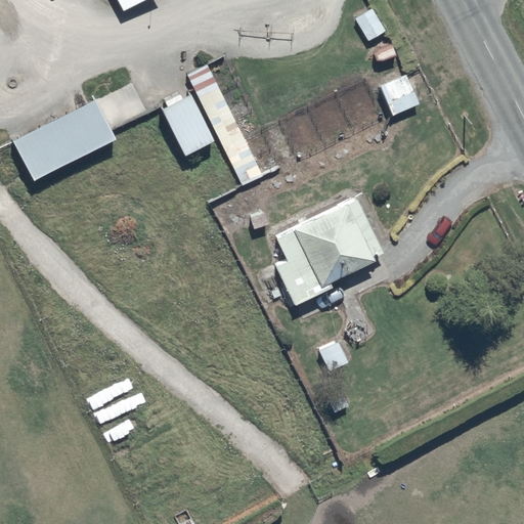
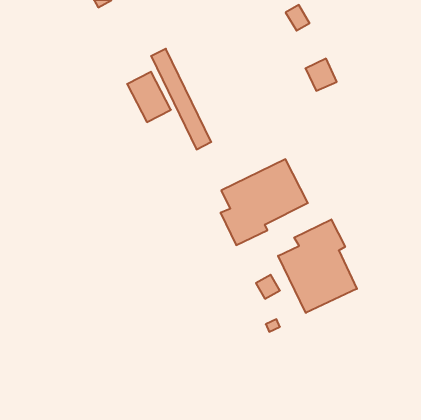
building: [13,99,116,180] -> none
building: none -> [278,219,357,313]

